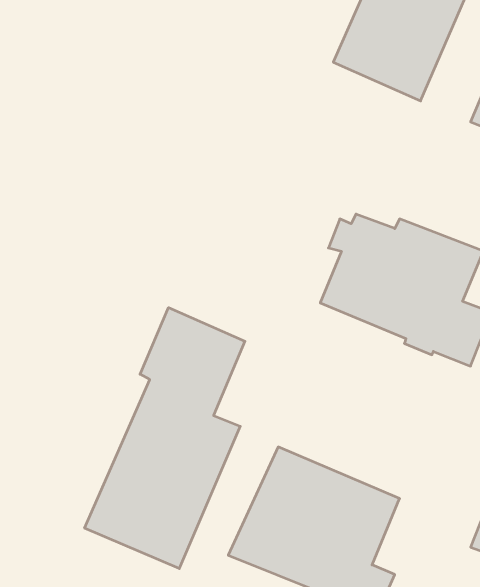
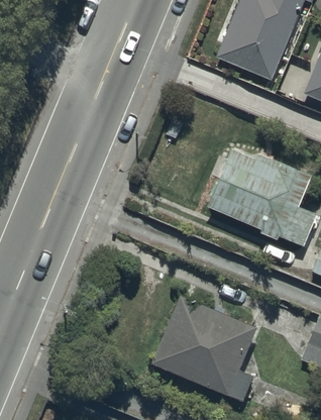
building: [85,308,245,569] -> none

